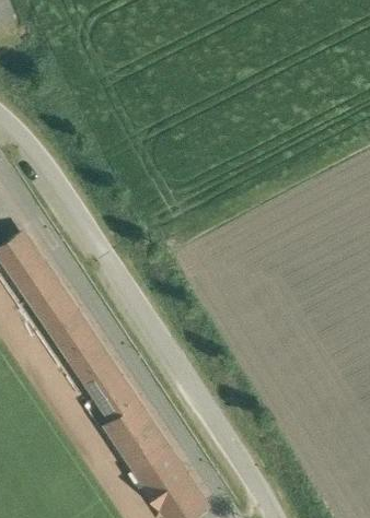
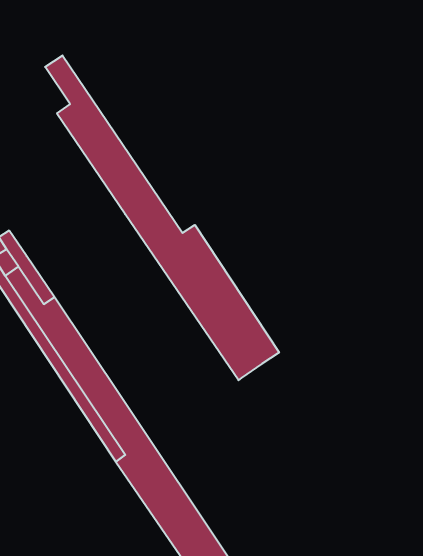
building: none -> [45,55,279,380]

